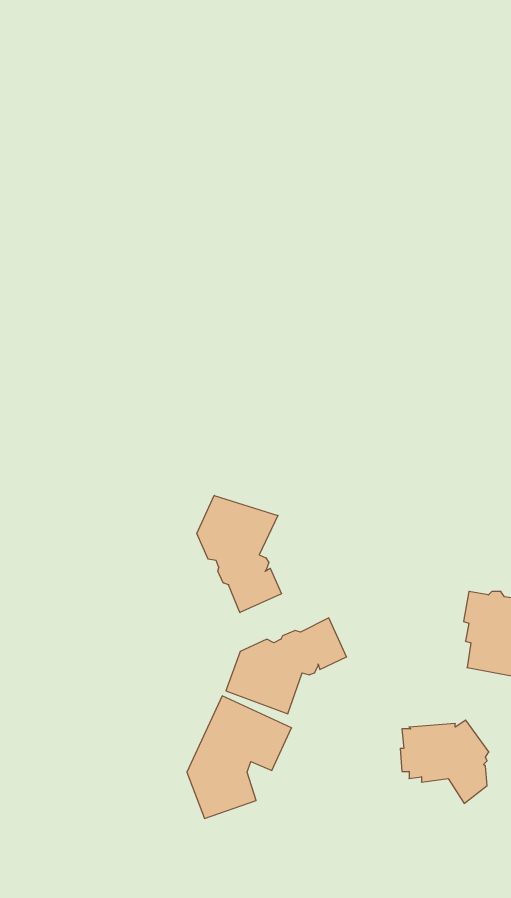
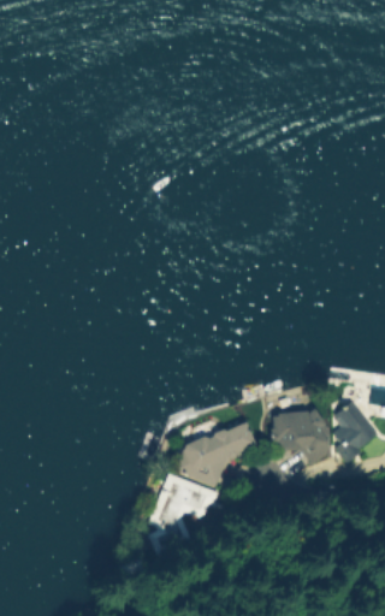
building: [197,495,281,613] -> none
building: [400,720,489,803] -> [268,408,328,464]

